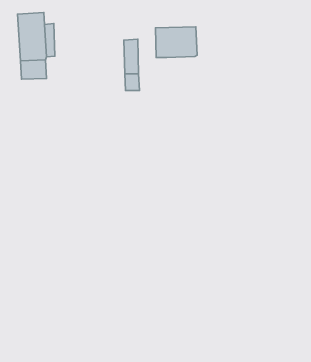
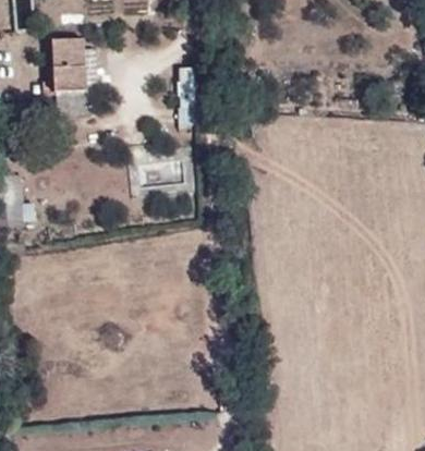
building: [156,27,197,58] -> none

